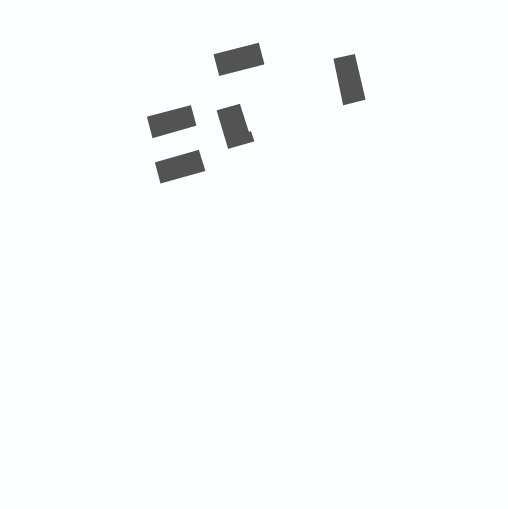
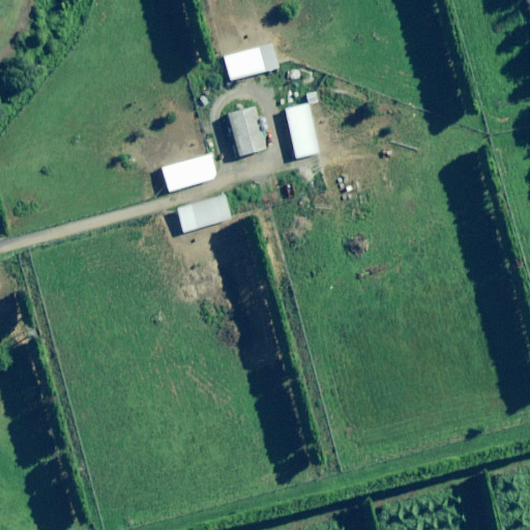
building: [332,53,366,106] -> [285,104,320,158]
building: [146,104,198,139] -> [176,196,230,232]

